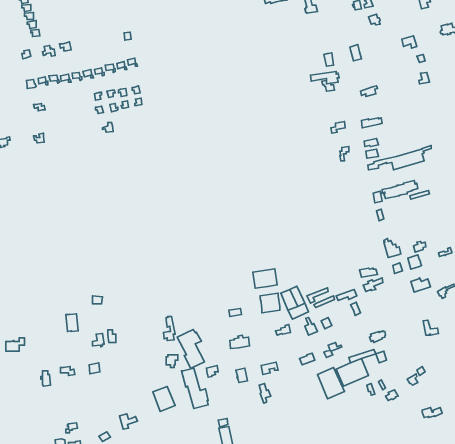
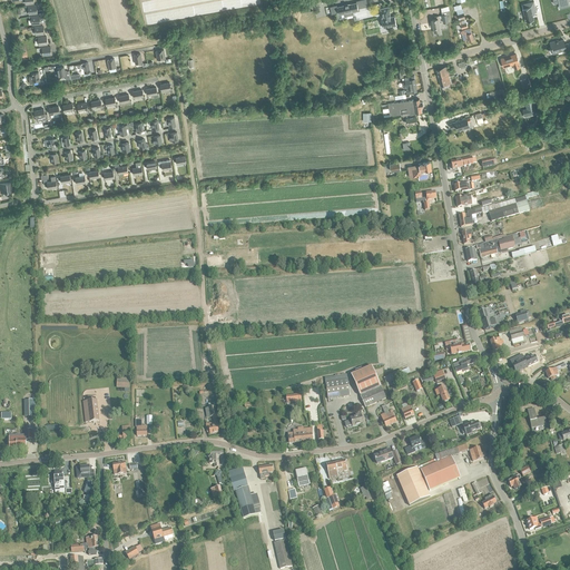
building: [253,269,277,288] -> none
building: [177,329,205,369] -> none
building: [153,386,175,412] -> none

